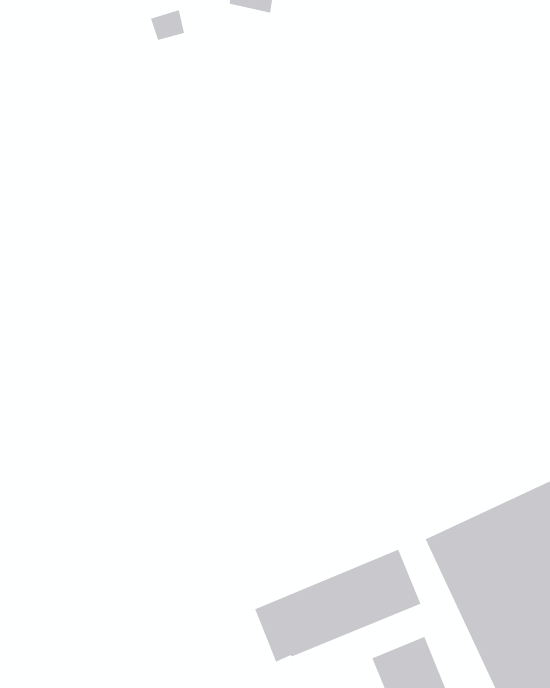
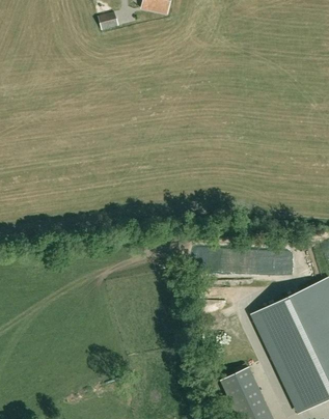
building: [255,549,421,663] -> none

